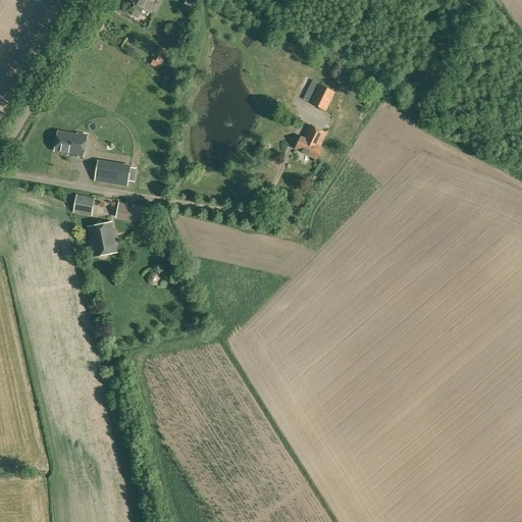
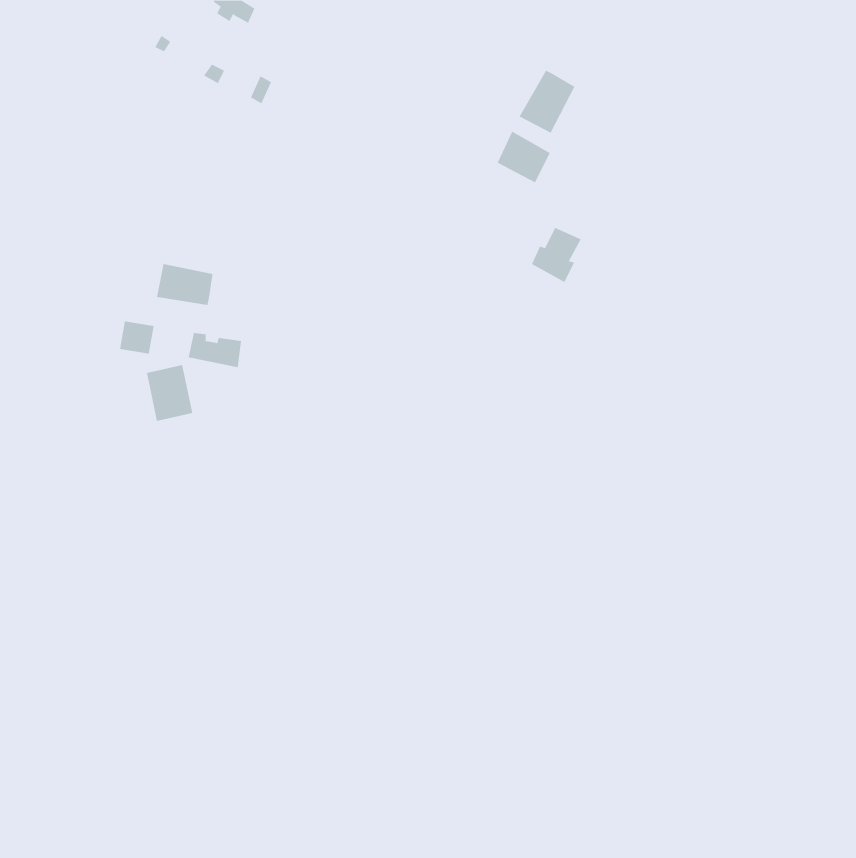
building: none -> [519,70,575,133]
building: [295,125,325,159] -> [531,227,582,283]
building: [52,130,87,158] -> none

